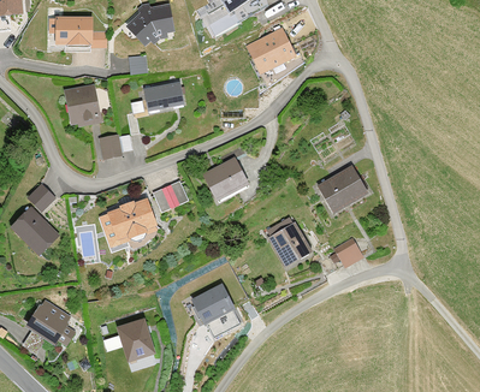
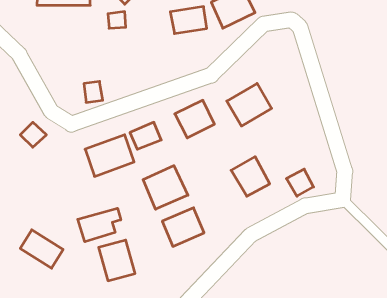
building: [142,79,184,111] -> [170,7,207,34]
building: [65,84,103,124] -> none
building: [318,164,369,213] -> [227,83,272,126]
building: [10,206,59,255] -> none
building: none -> [143,166,188,209]
building: none -> [78,208,121,242]

